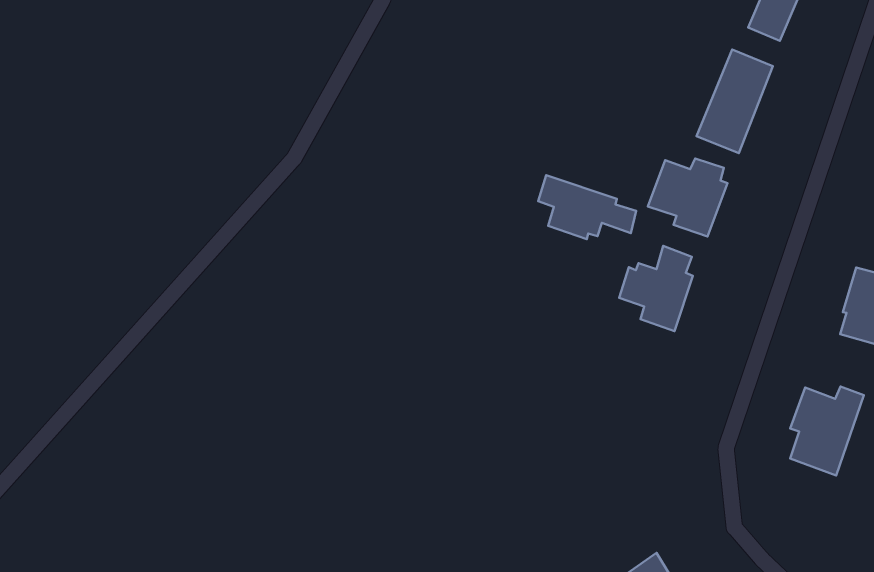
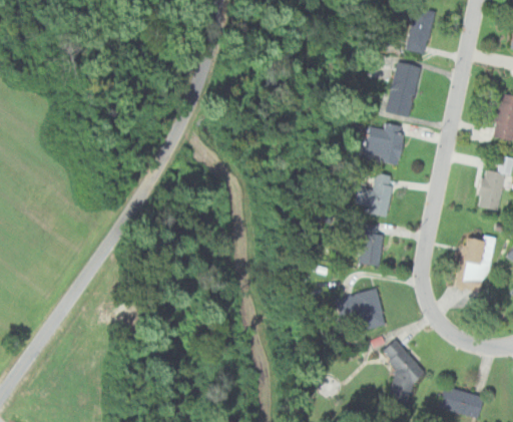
building: [538,175,636,239] -> none
building: none -> [354,224,385,267]
building: none -> [338,289,387,331]

